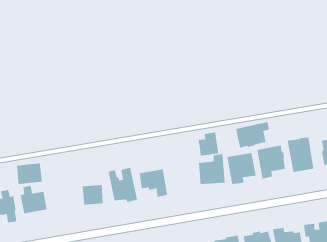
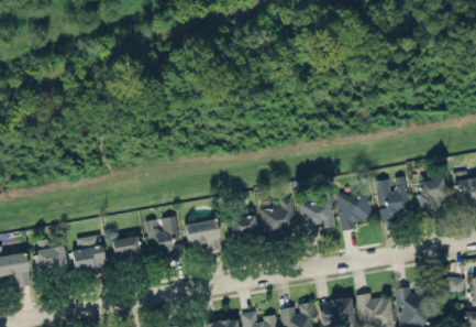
building: [236,121,269,148] -> none
building: [198,132,219,156] -> [230,208,257,239]
building: [16,163,43,185] -> [71,246,106,273]

